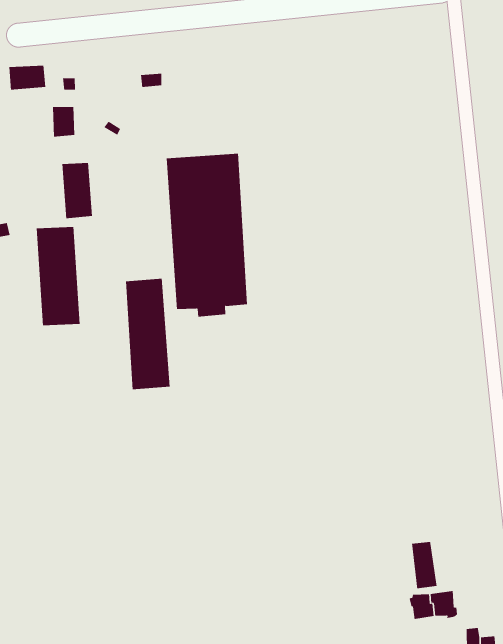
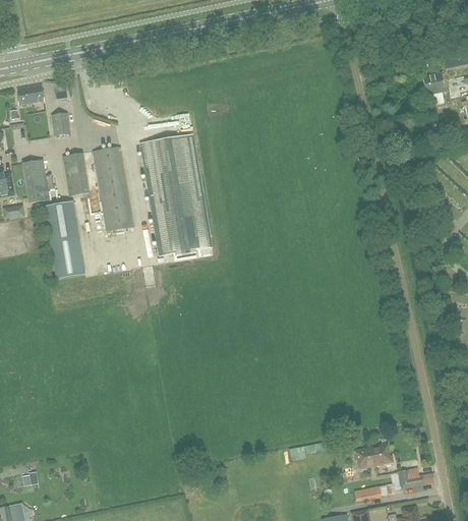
building: none -> [21,159,49,202]
building: [125,278,170,390] -> [92,146,133,231]
building: [411,541,437,589] -> none

